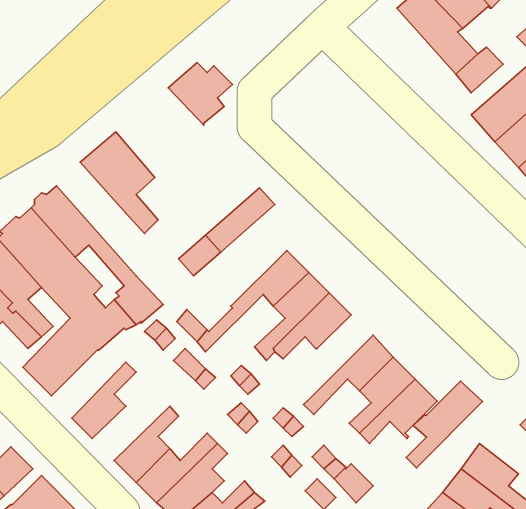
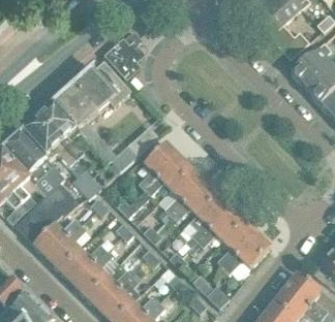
building: none -> [73,64,130,111]
building: none -> [37,102,92,171]
building: none -> [132,142,178,190]
building: none -> [34,219,80,258]
building: [406,381,482,468] -> [184,195,231,248]
building: none -> [59,245,106,284]

